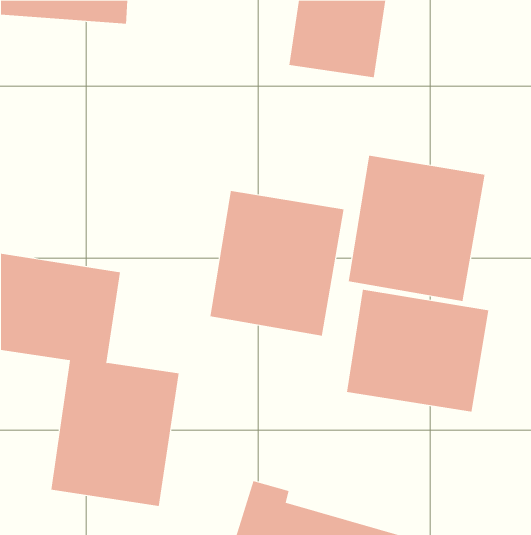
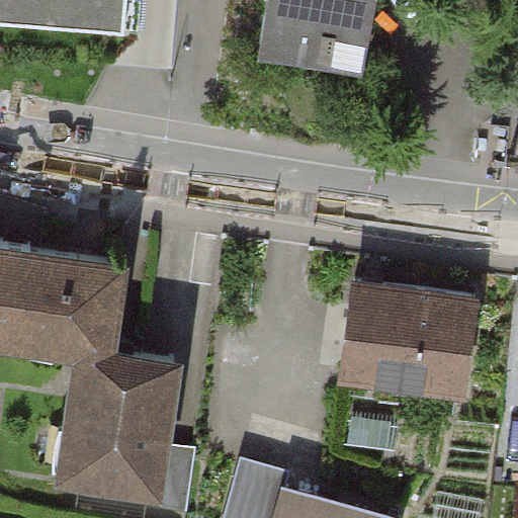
building: [348,155,485,302] -> none
building: [210,190,344,336] -> none

